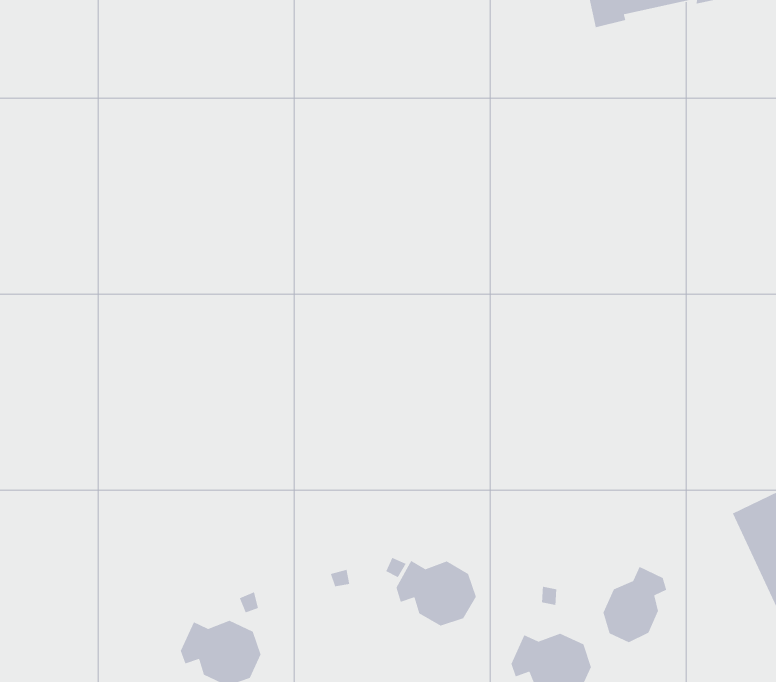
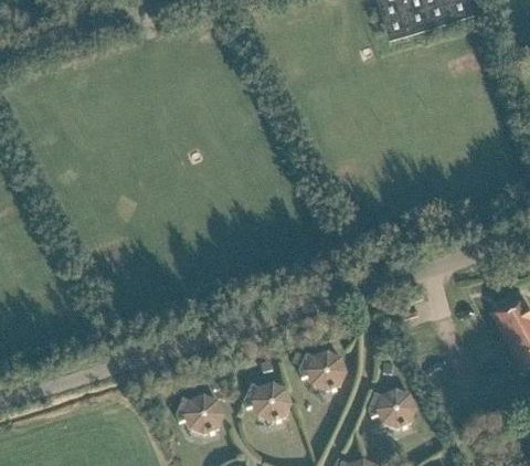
building: [602,566,667,643] -> none
building: none -> [243,382,290,421]

